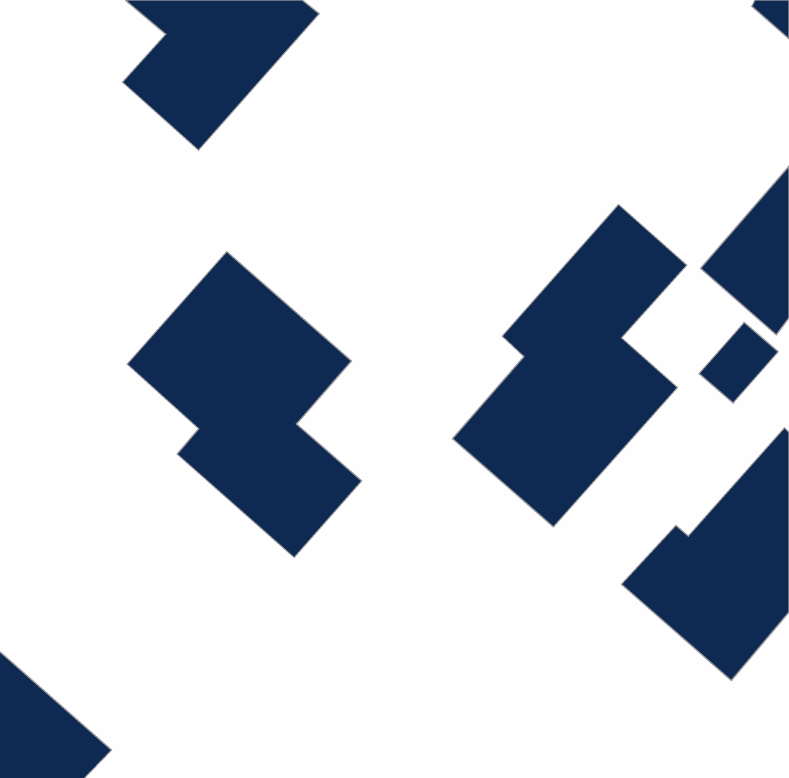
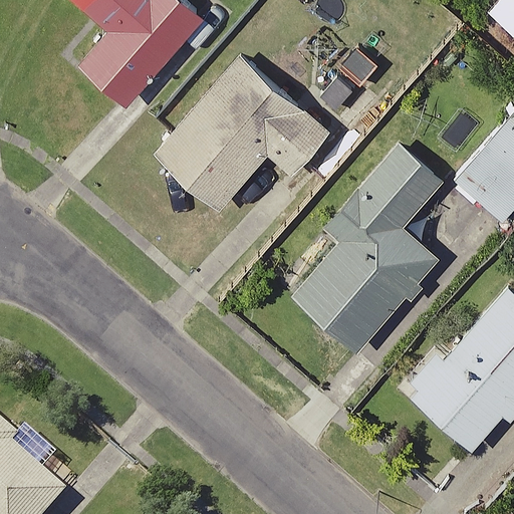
building: none -> [154,54,333,211]
building: [127,252,362,557] -> none

